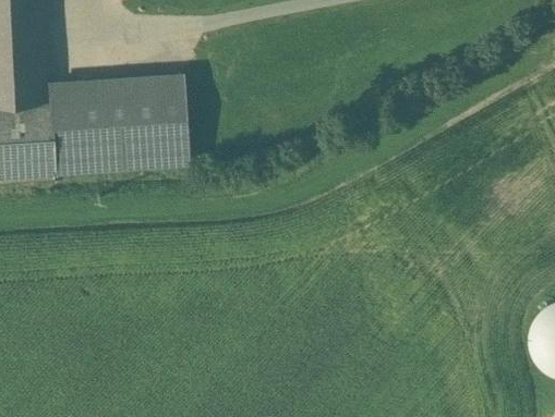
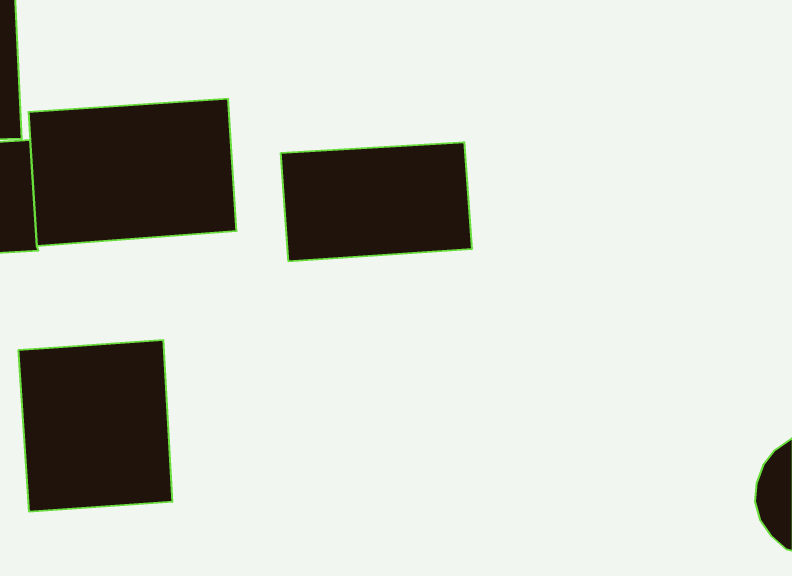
building: none -> [281,142,472,261]
building: none -> [19,340,172,512]

